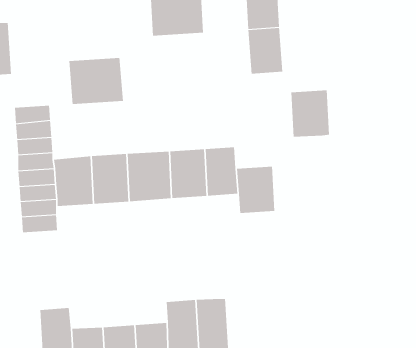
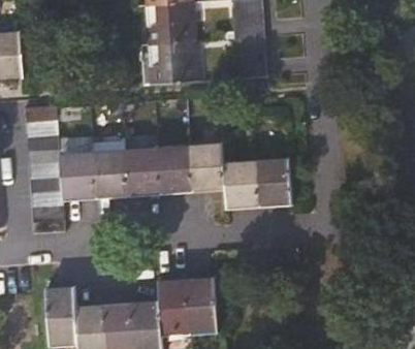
building: [69,58,124,105] -> [148,41,197,84]
building: [291,90,330,137] -> [256,159,291,201]

